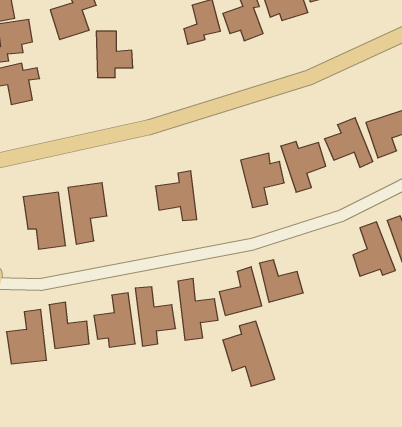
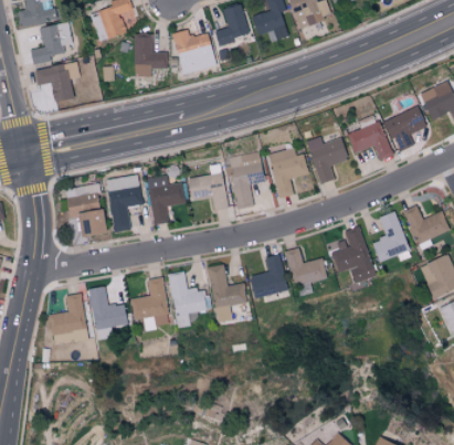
building: none -> [171,29,218,74]
building: none -> [229,151,265,209]
building: none -> [147,174,187,220]
building: [223,321,275,386] -> [329,226,378,287]

